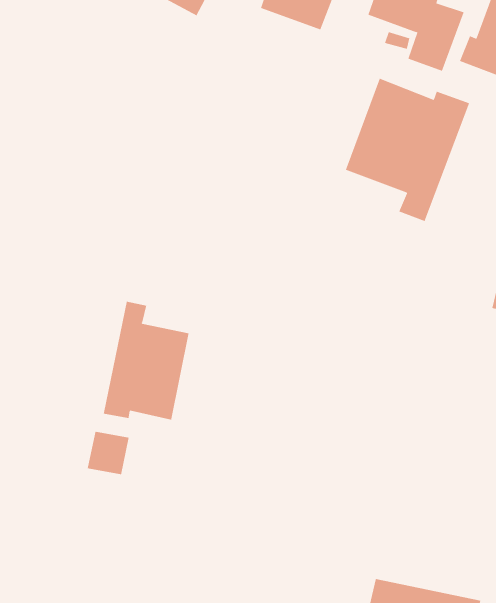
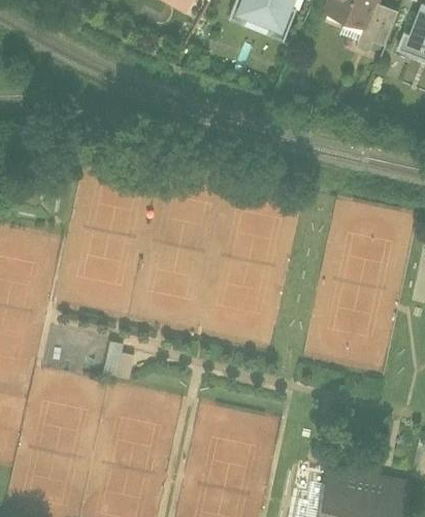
building: [345,78,470,222] -> none
building: [103,301,189,420] -> none

